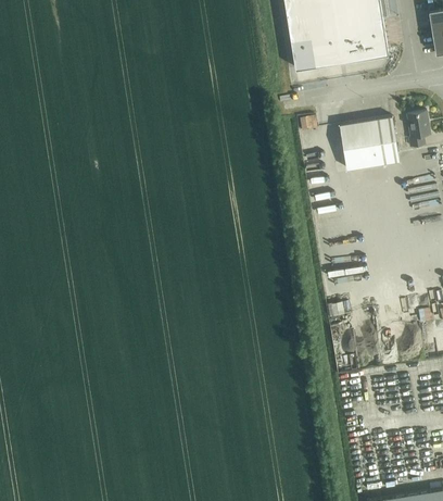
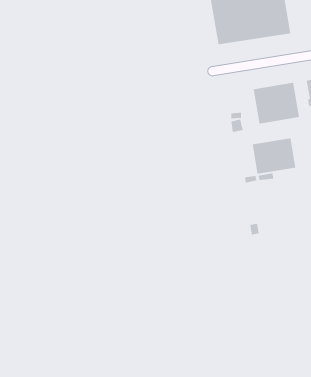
building: none -> [252,138,296,175]

